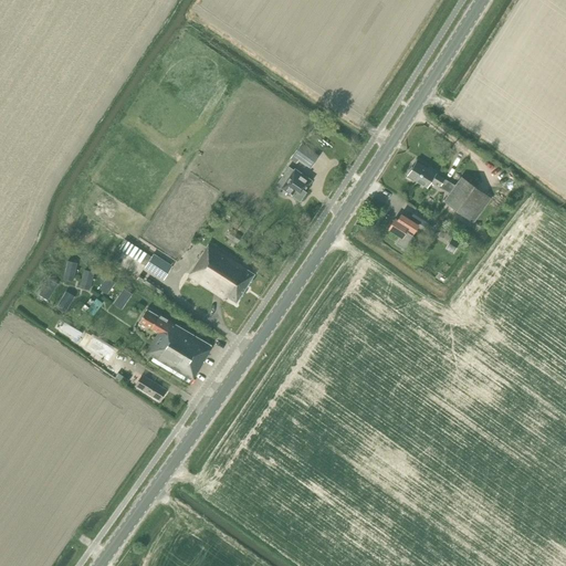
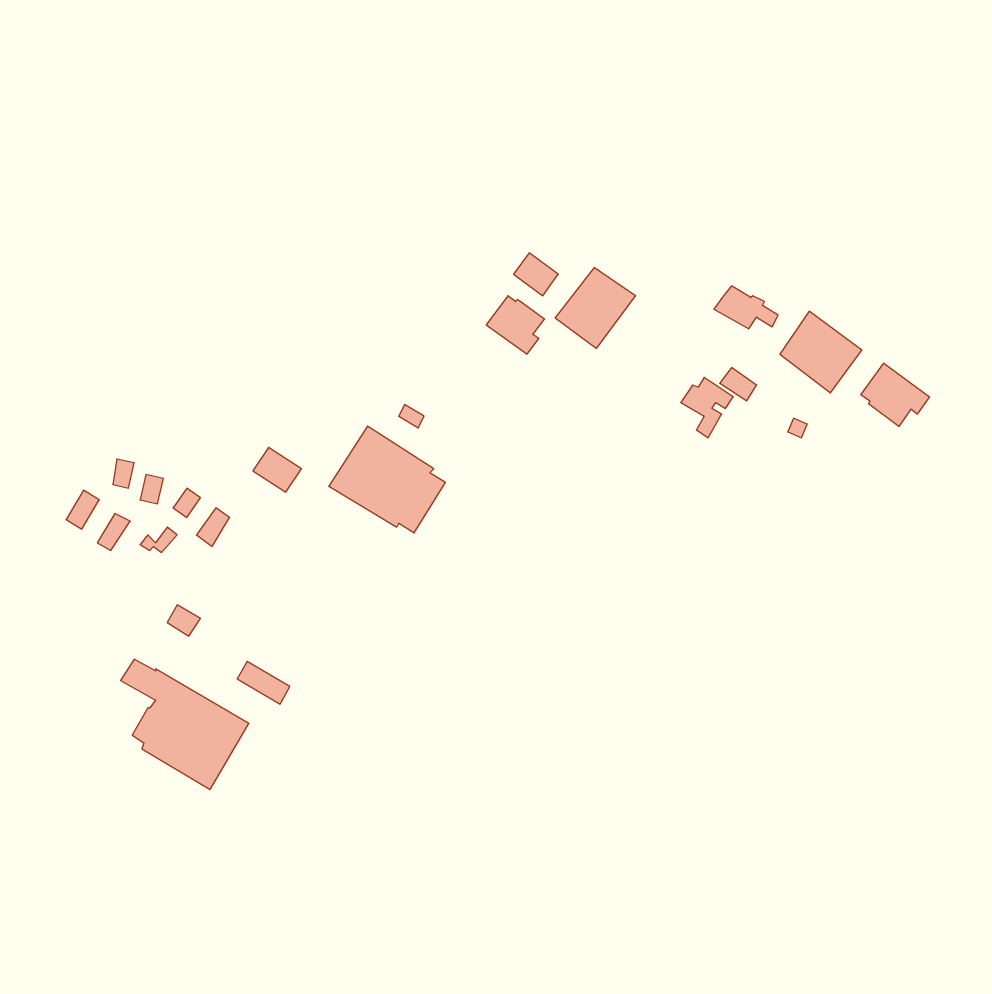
building: none -> [555,267,635,348]
building: none -> [861,363,929,426]
building: [138,310,211,384] -> [121,659,249,790]

